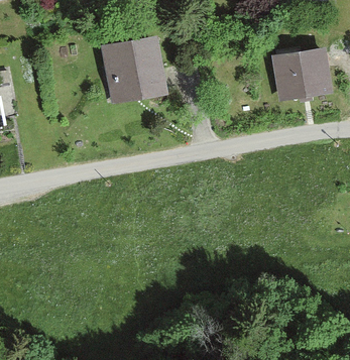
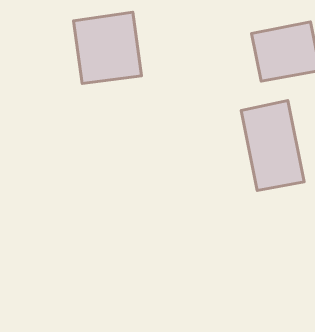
building: none -> [241,100,304,190]

